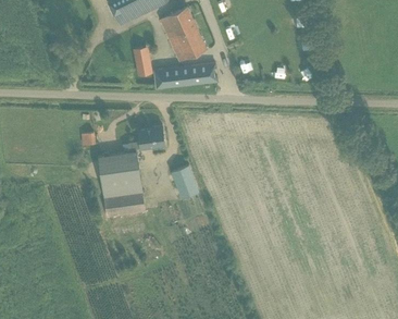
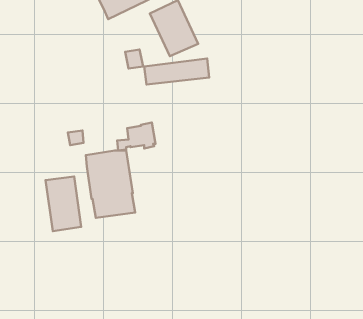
building: [172,165,199,198] -> none
building: none -> [46,176,81,231]

